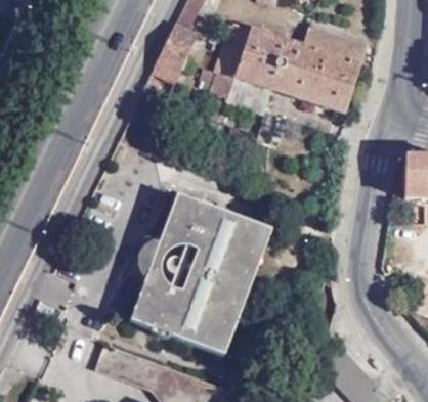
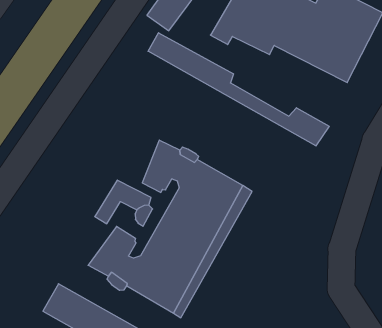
building: none -> [148,33,329,146]

